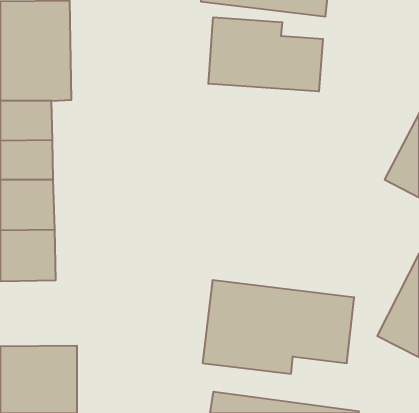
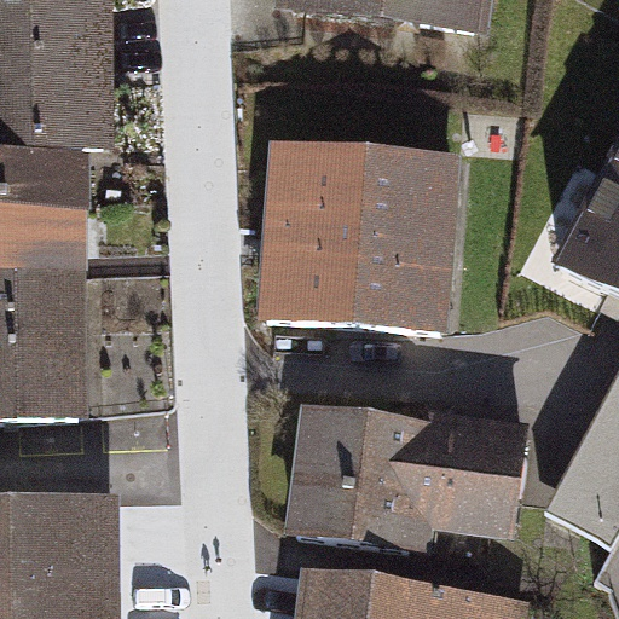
building: [208,17,323,92] -> none
building: none -> [271,149,451,329]

